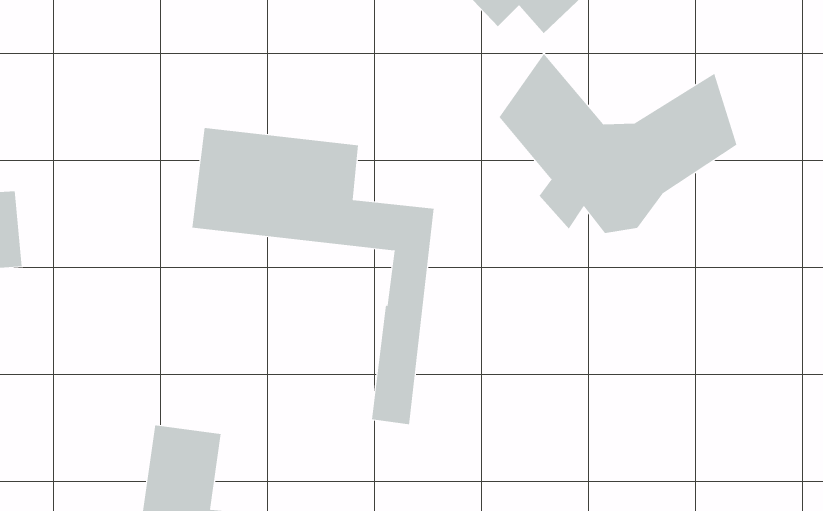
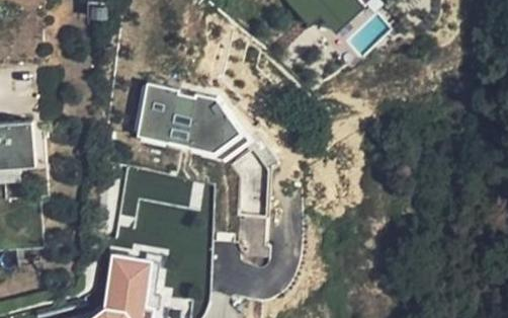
building: [499,53,737,234] -> none

